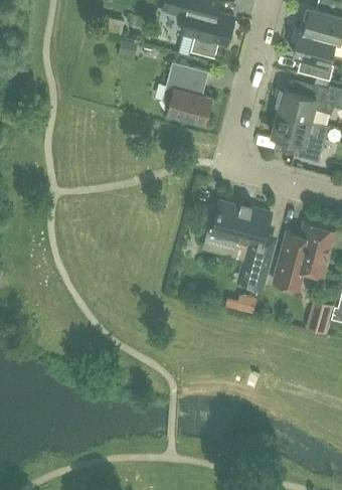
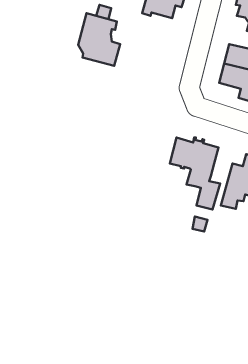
building: [162,62,212,126] -> [78,13,120,66]

